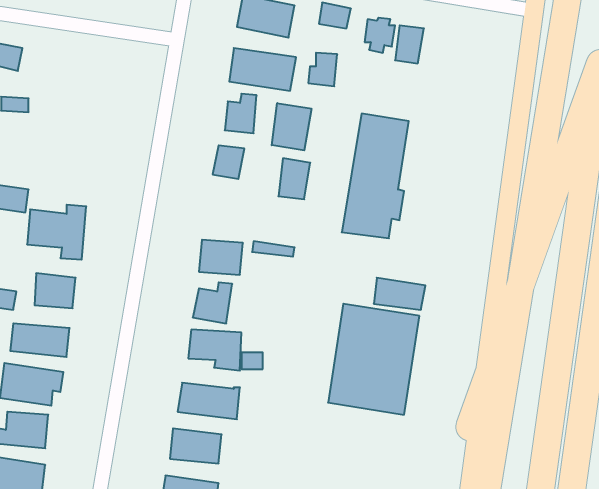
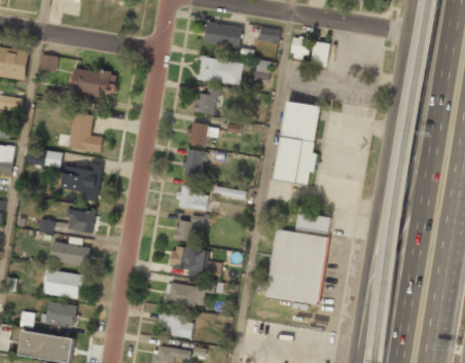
building: none -> [71,67,116,99]
building: [272,103,311,150] -> none
building: none -> [67,112,102,152]
building: [278,158,310,199] -> [182,149,204,177]

